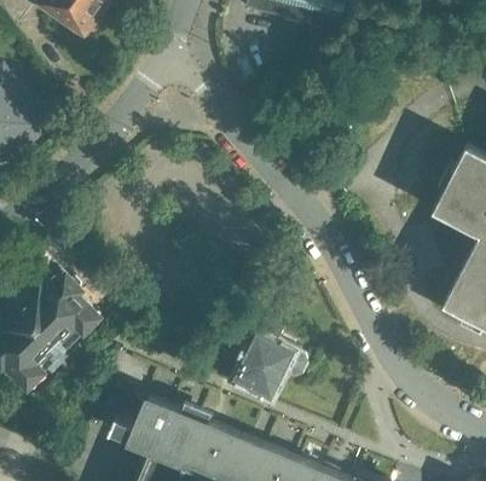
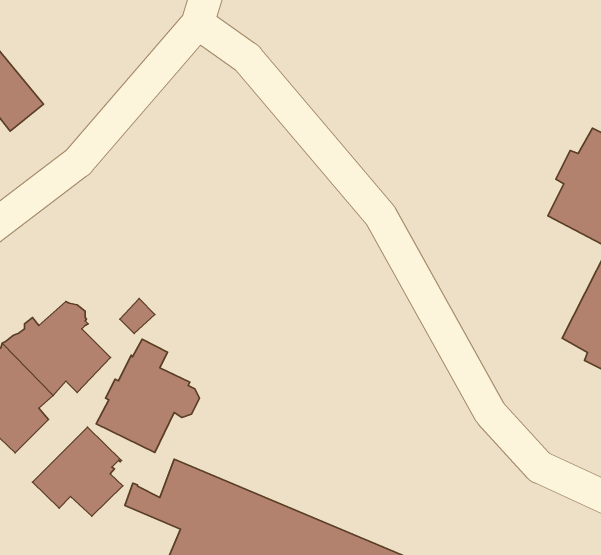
building: [228,315,307,401] -> [96,339,199,452]
building: none -> [33,427,123,516]

